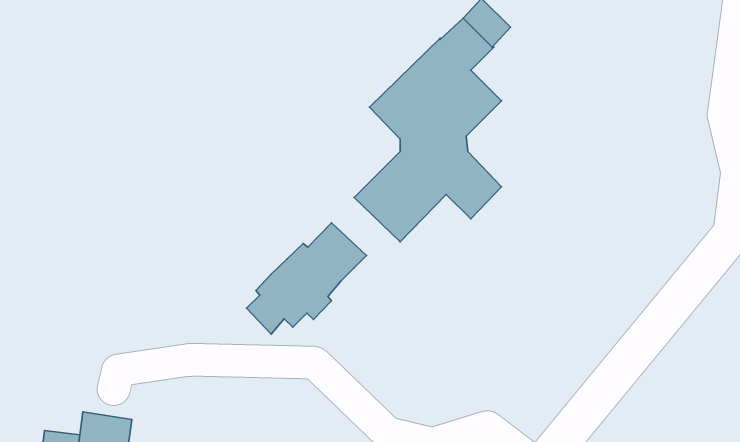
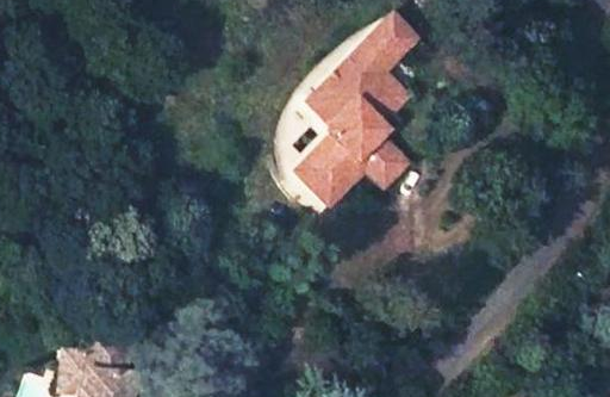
building: [247,223,366,334] -> none

